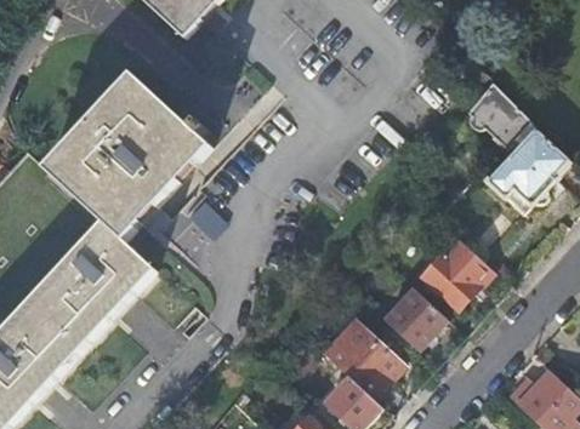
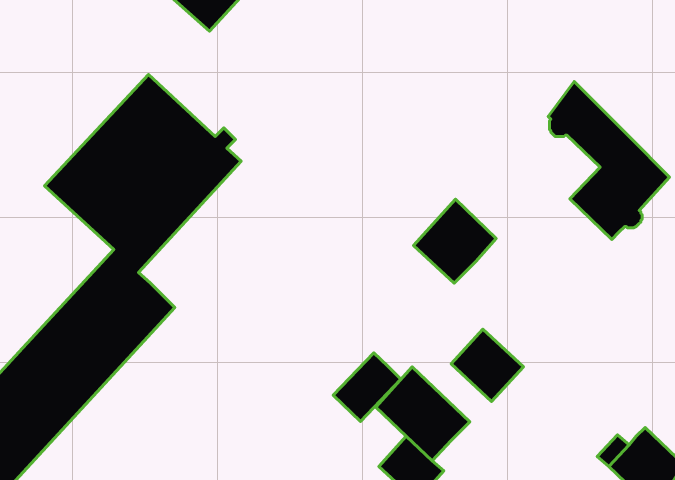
building: [422,238,491,308] -> [414,199,496,283]
building: none -> [333,353,401,422]

